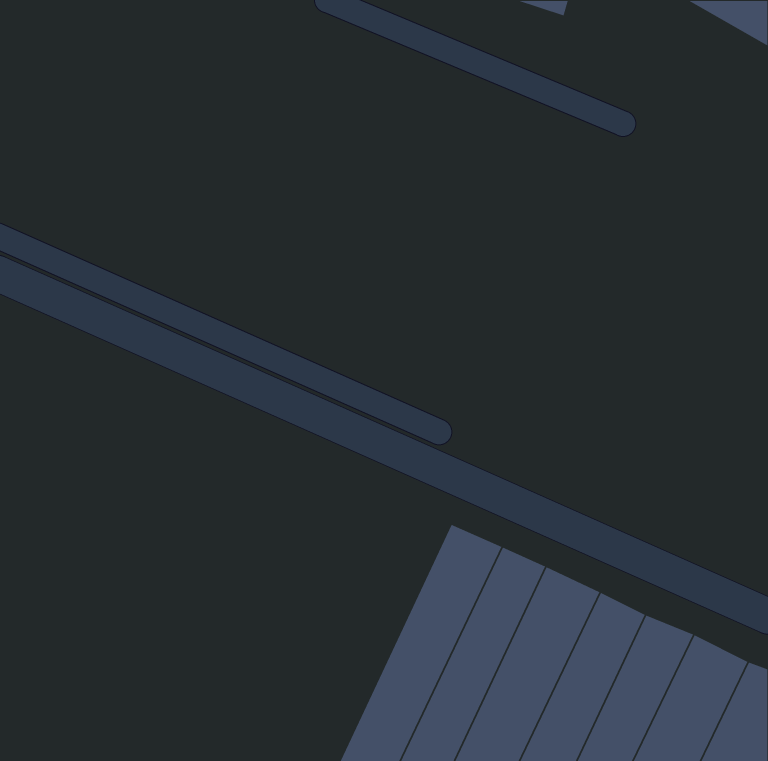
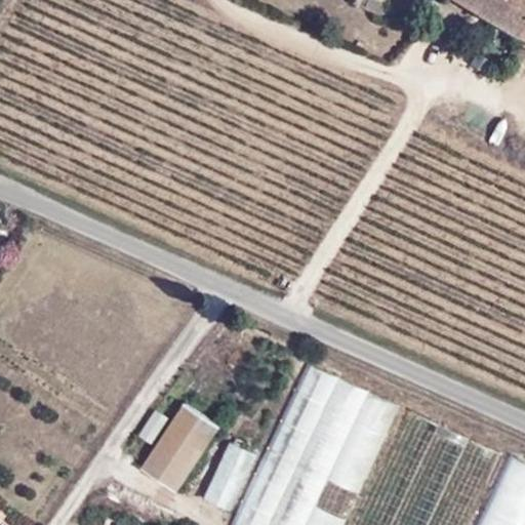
building: none -> [138,408,218,497]
building: none -> [203,446,255,513]

